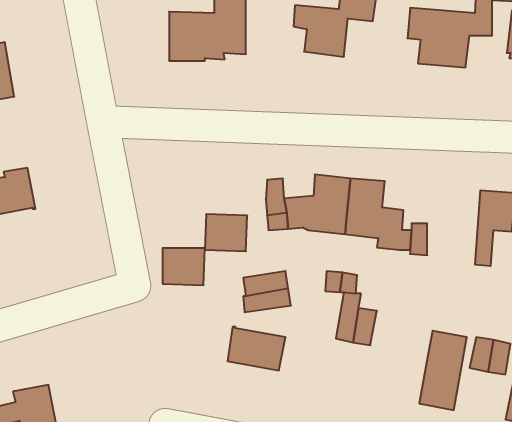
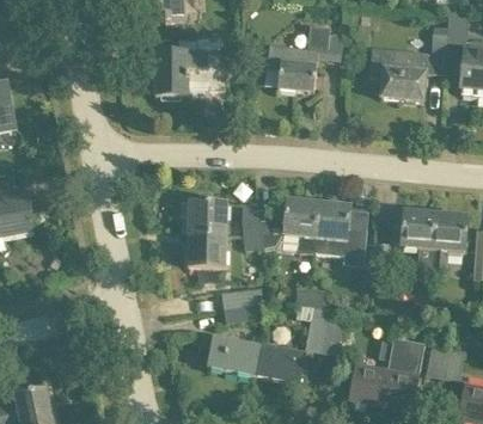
building: none -> [389,209,435,279]
building: [163,248,205,285] -> [188,202,226,235]
building: none -> [253,345,305,383]
building: none -> [349,367,386,405]

